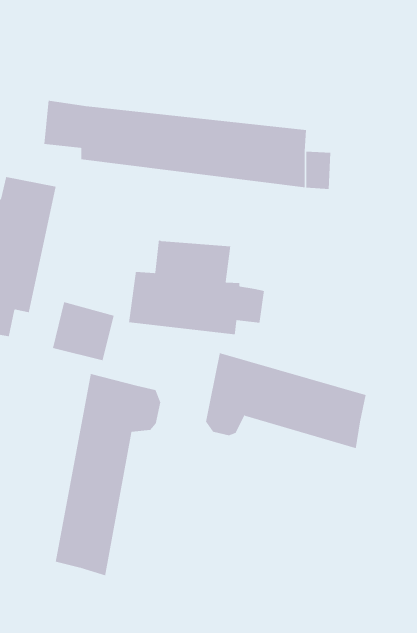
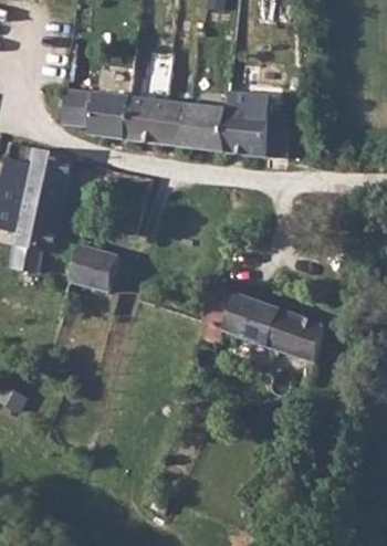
building: [129,239,265,335] -> none
building: [55,373,161,576] -> none

